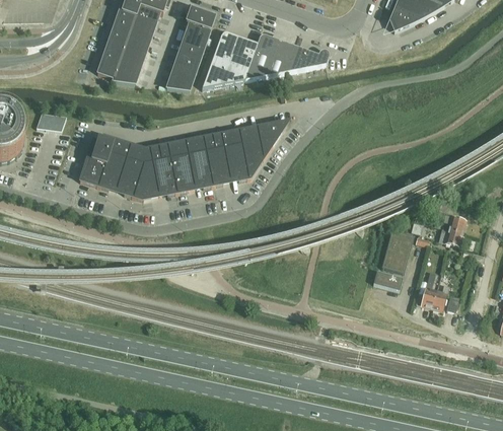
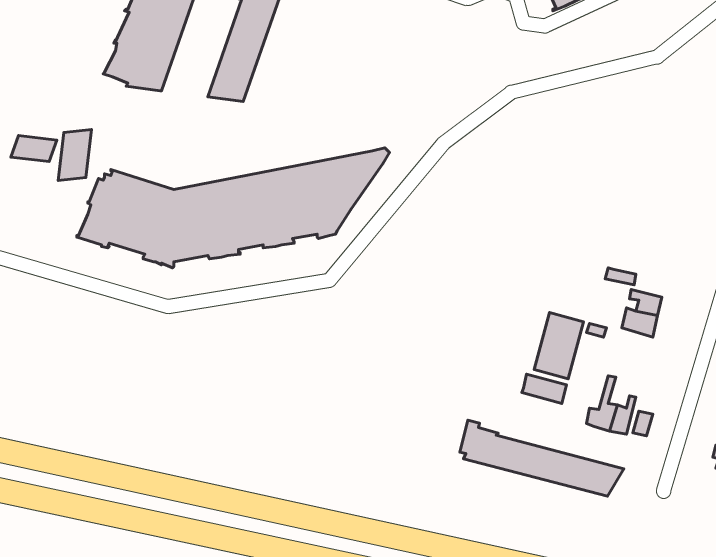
building: [202,31,329,87] -> none
building: none -> [58,130,91,181]
building: none -> [460,420,624,496]

